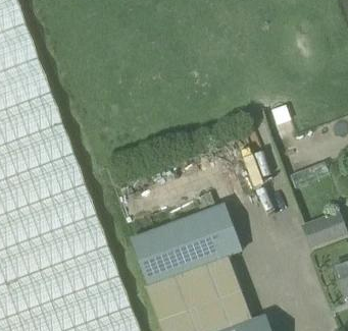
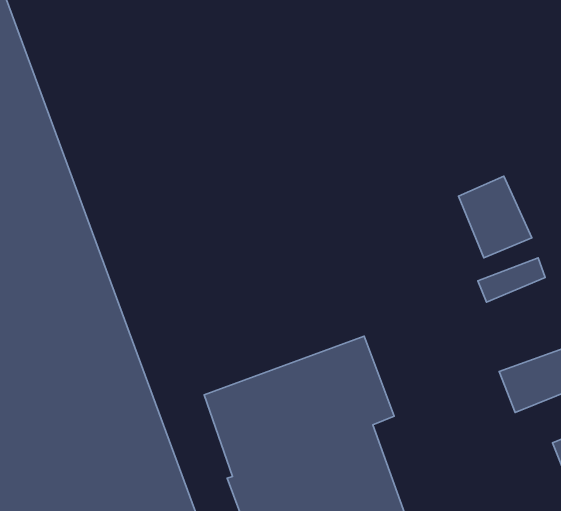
building: none -> [459,176,532,258]

